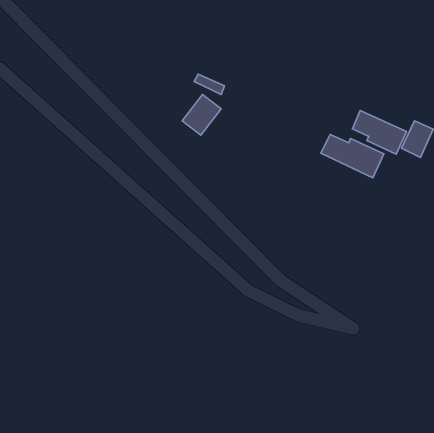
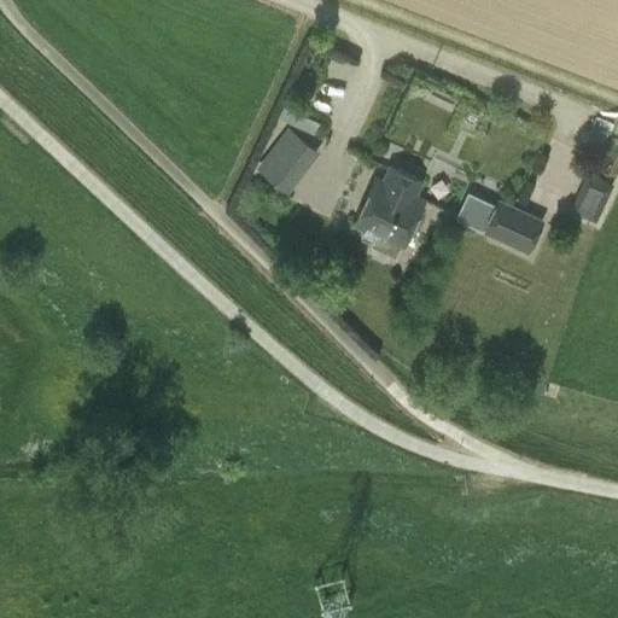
building: [352,110,407,154] -> none
building: none -> [354,165,425,257]

